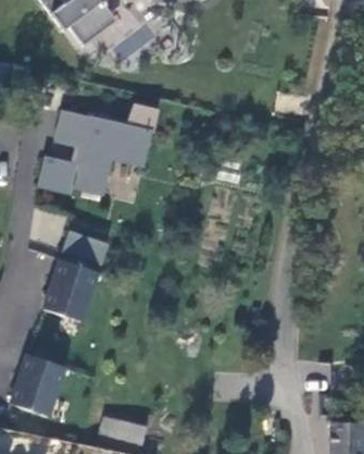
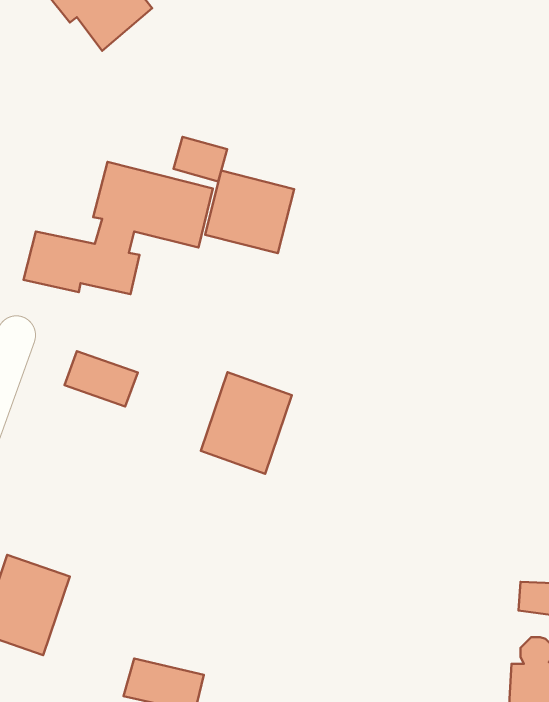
building: [53,109,87,149] -> none
building: none -> [205,171,294,253]
building: [42,259,98,321] -> [201,372,292,474]

